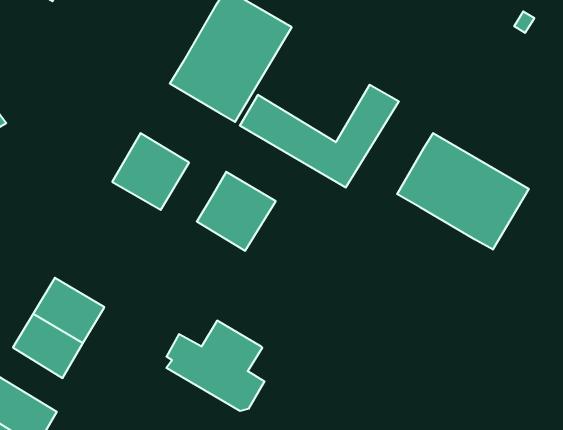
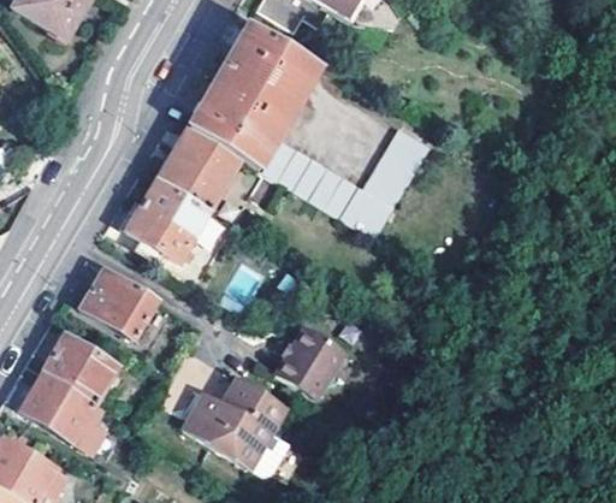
building: [397,133,529,250] -> none
building: [197,172,276,251] -> [158,126,242,211]
building: none -> [82,270,158,339]
building: none -> [277,330,345,400]

